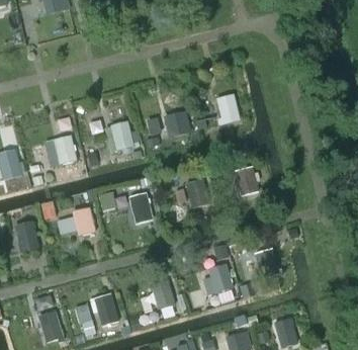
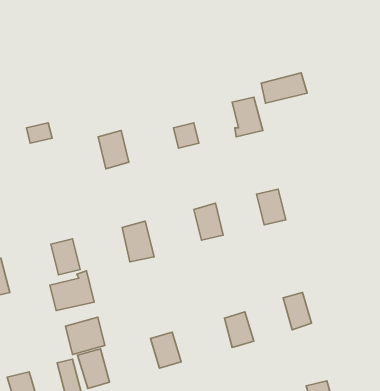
building: none -> [261,73,307,103]
building: [50,136,77,167] -> none
building: none -> [50,271,94,311]
building: none -> [66,317,105,355]

